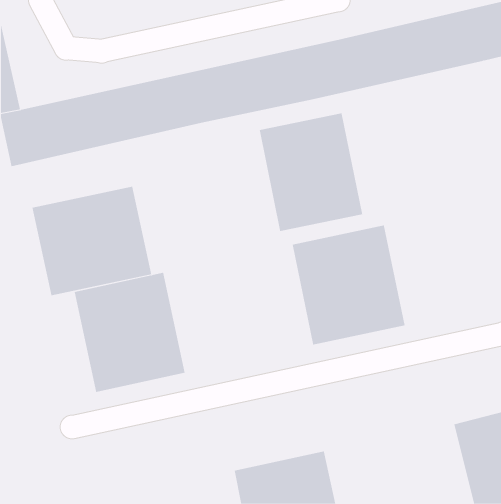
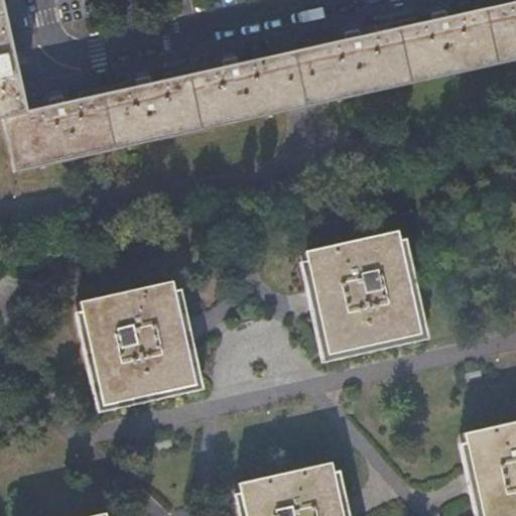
building: [259,113,363,232] -> none
building: [32,186,152,296] -> none

